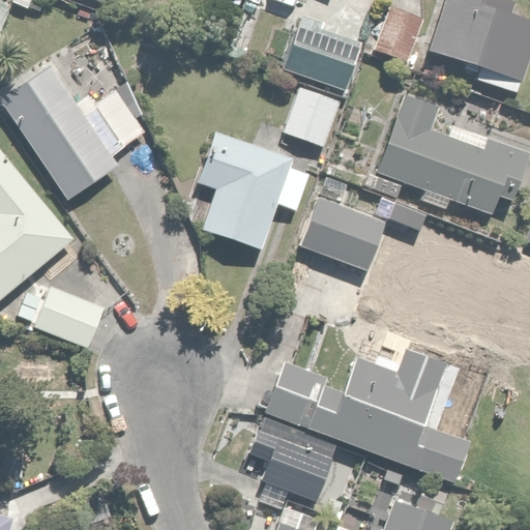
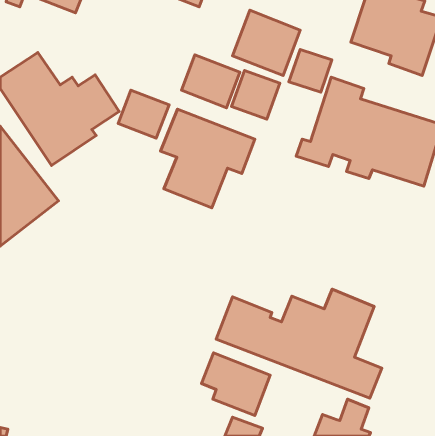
building: [376,7,428,59] -> [289,49,332,92]
building: none -> [181,55,240,108]
building: none -> [118,90,169,138]
building: [301,198,383,270] -> none
building: [14,283,106,354] -> none

